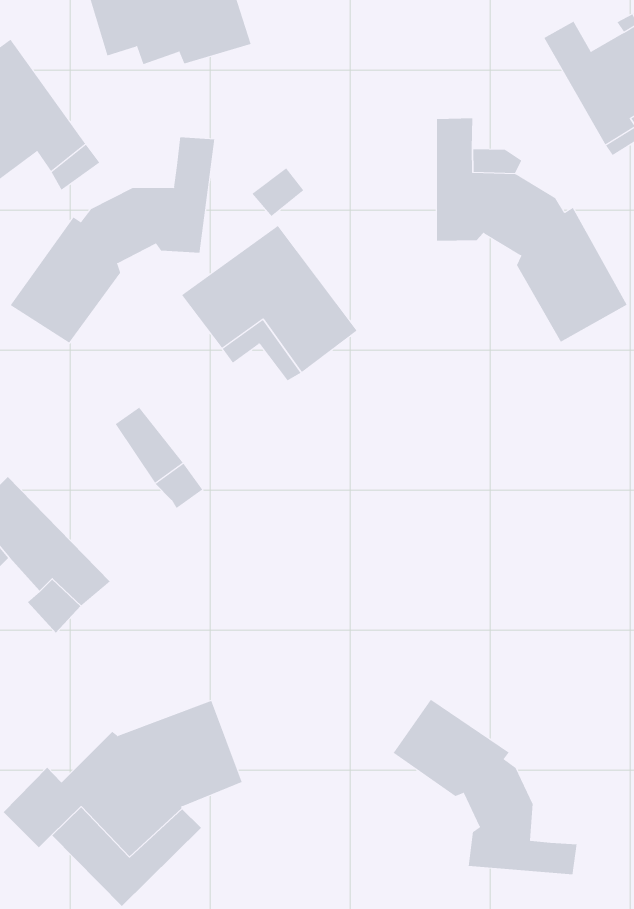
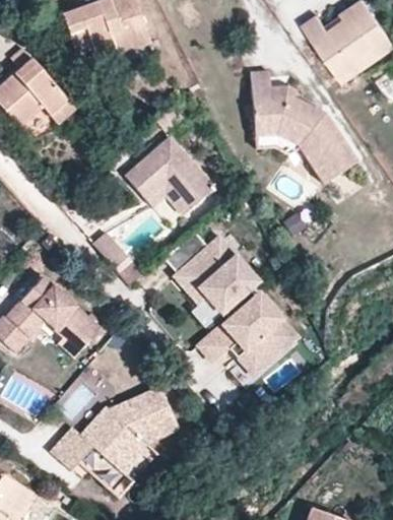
building: [10,136,215,343] -> none
building: none -> [167,232,298,374]
building: [393,699,577,875] -> none

